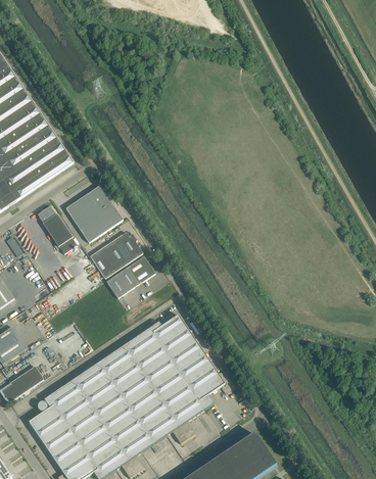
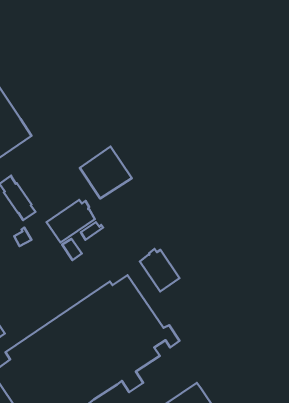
building: [65,185,123,242] -> [80,146,132,199]
building: [116,262,155,291] -> none
building: none -> [140,249,180,291]

